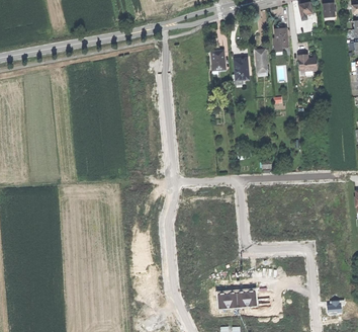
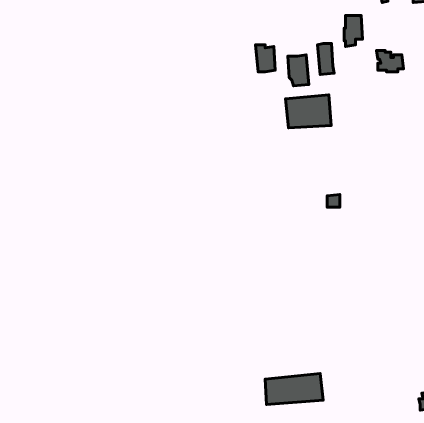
building: none -> [285,95,331,128]

